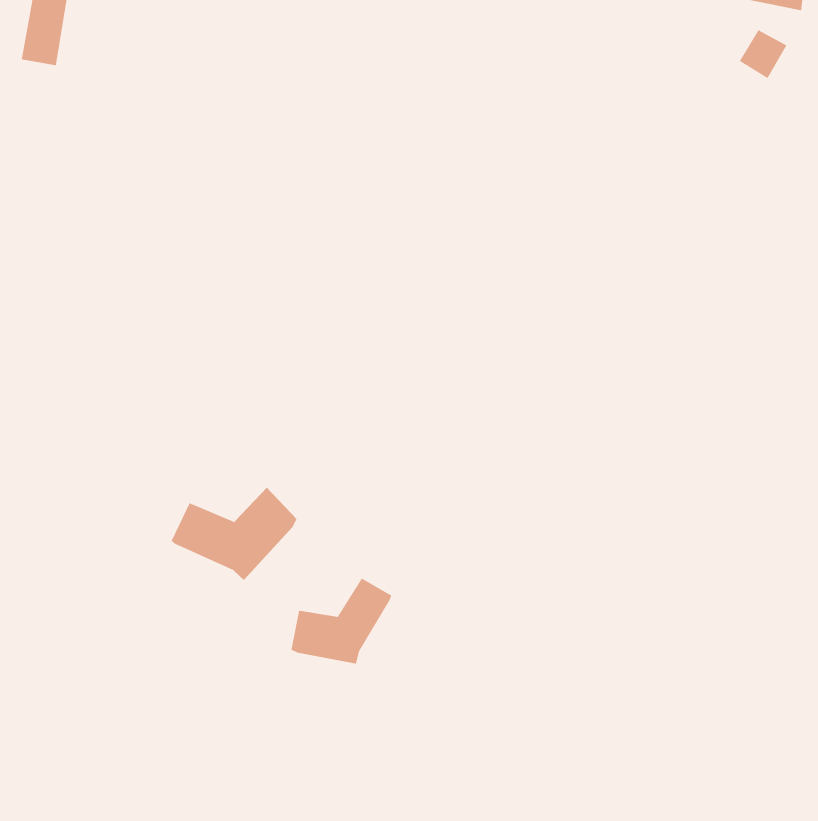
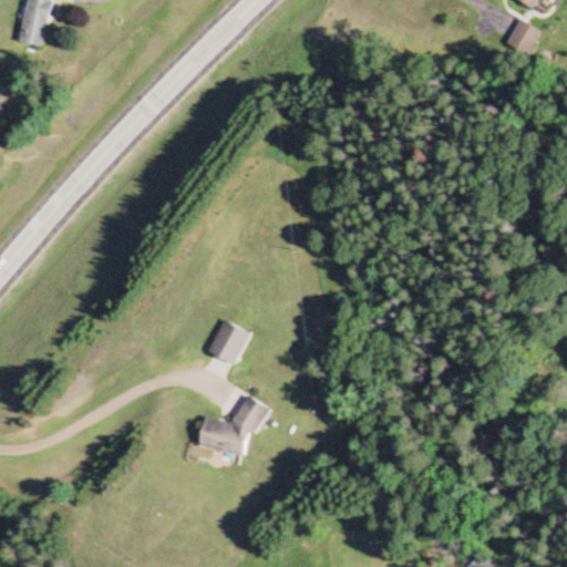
building: none -> [209,320,251,364]
building: [171,487,298,581] -> none

